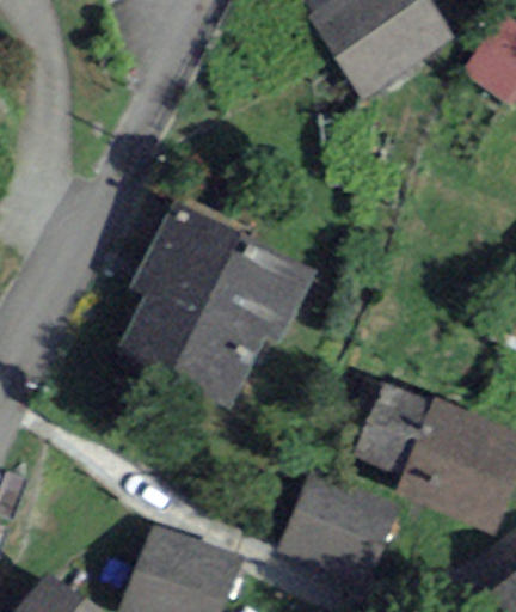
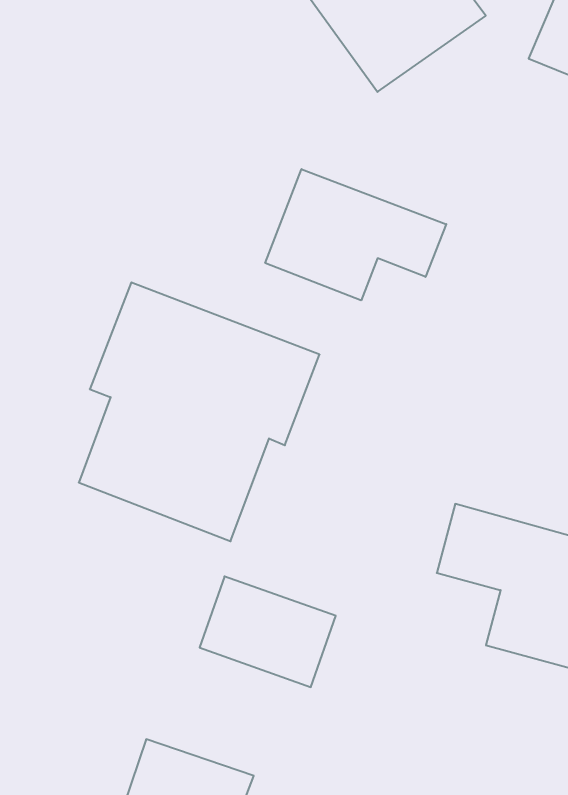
building: none -> [265,169,446,300]
building: [288,494,387,579] -> [200,576,336,687]

